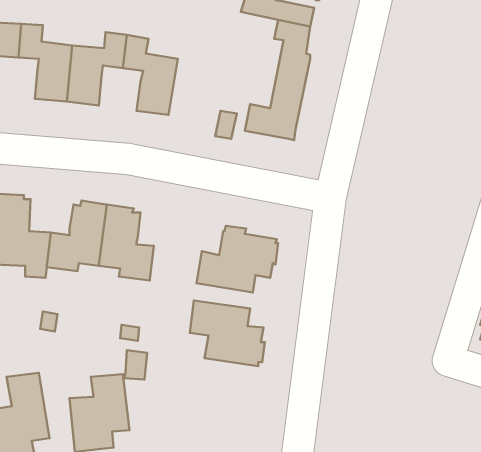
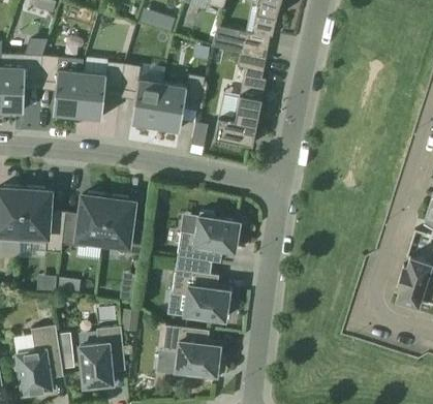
building: none -> [155,75,204,131]
building: none -> [162,327,220,377]

